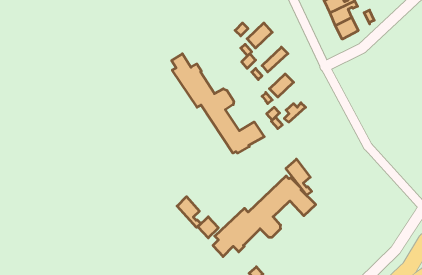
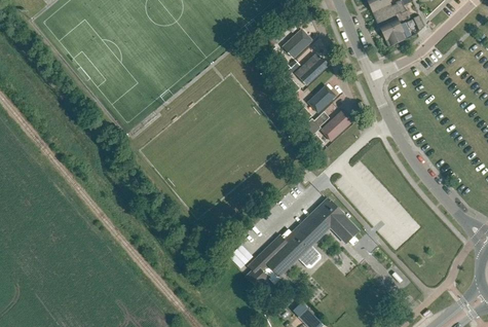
building: [172,54,264,153] -> none
building: [286,159,312,195] -> none
building: [177,197,201,227] -> none

